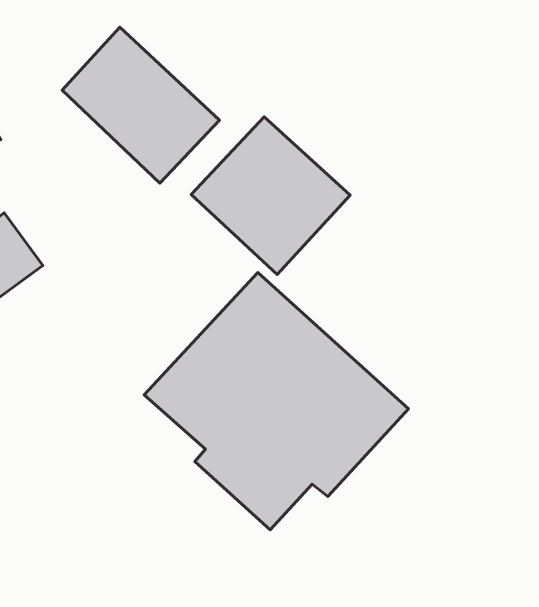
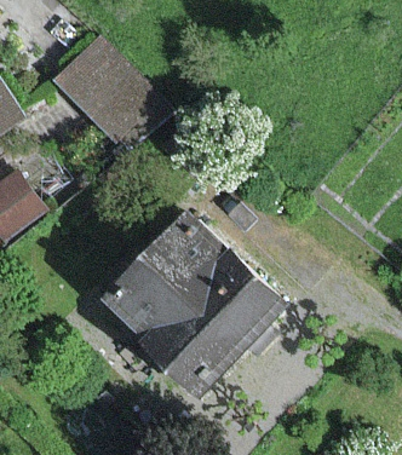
building: [191,117,350,274] -> none

